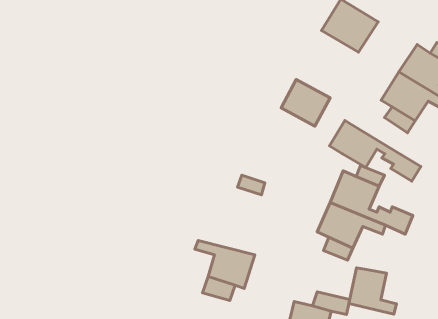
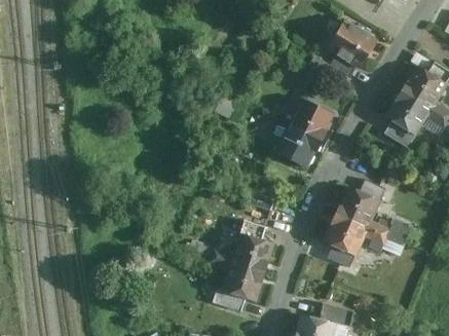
building: none -> [274,125,321,169]
building: [329,120,421,181] -> none
building: none -> [211,225,273,264]
building: [349,268,396,314] -> none

